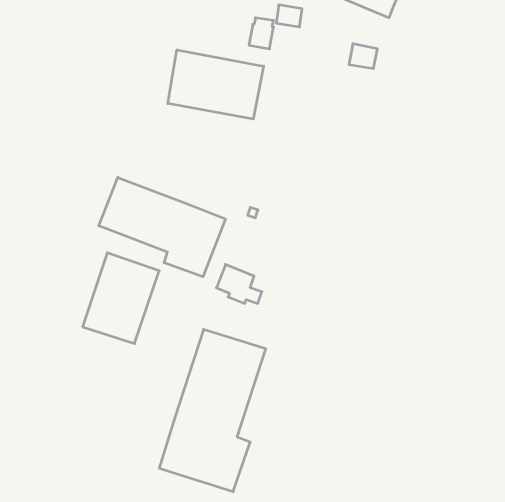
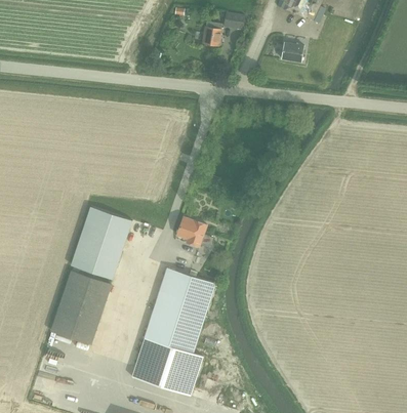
building: [168,50,264,119] -> none
building: [99,177,225,277] -> none
building: none -> [51,272,110,343]

